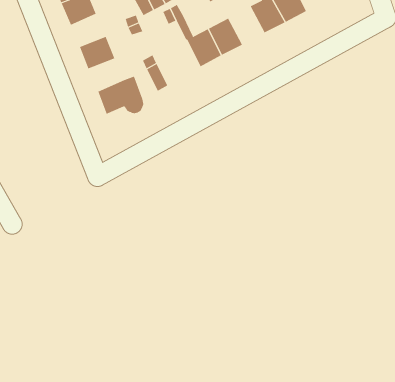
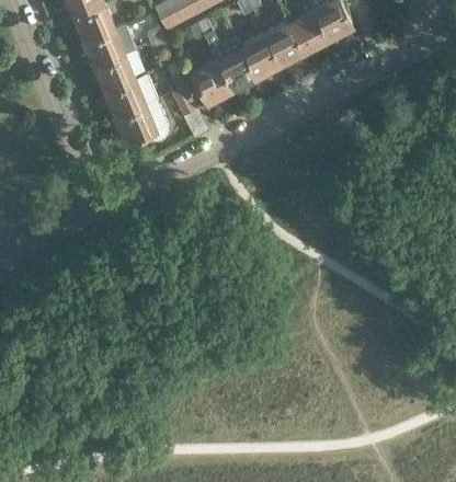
building: none -> [263,21,304,65]
building: none -> [84,30,125,67]
building: none -> [191,59,231,103]
building: none -> [104,74,157,117]

